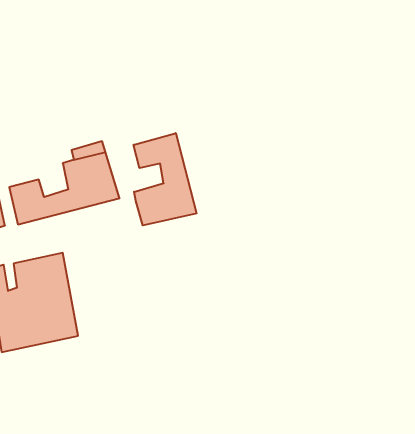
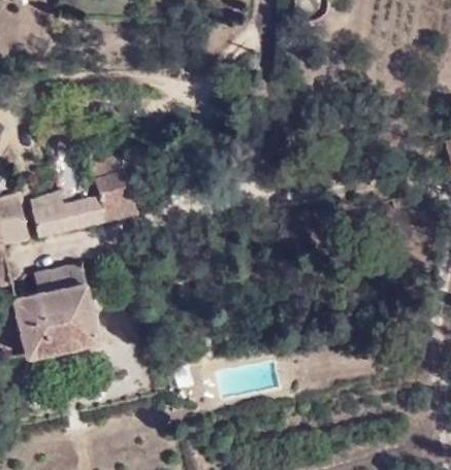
building: [134,133,197,225] -> none

